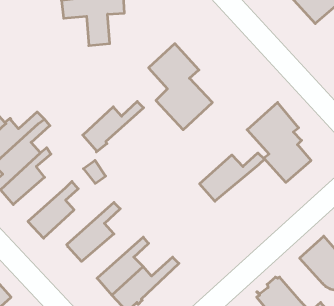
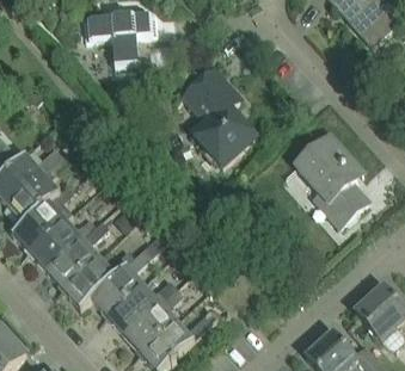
building: [83,101,144,152] -> [63,249,133,307]
building: [200,153,265,201] -> none
building: none -> [29,218,88,268]
building: none -> [106,278,177,333]

